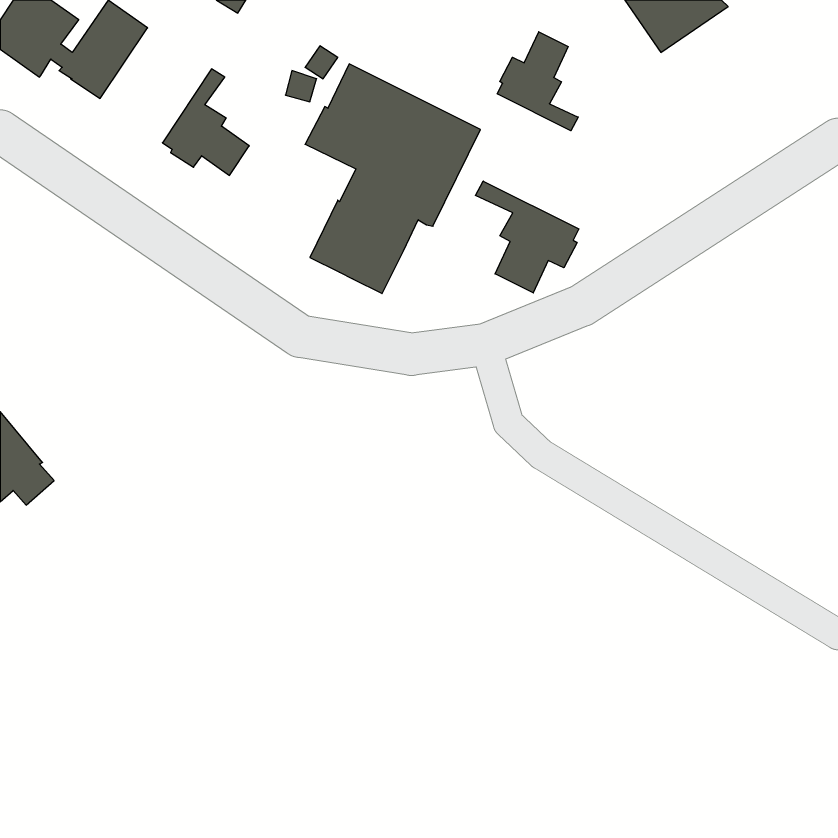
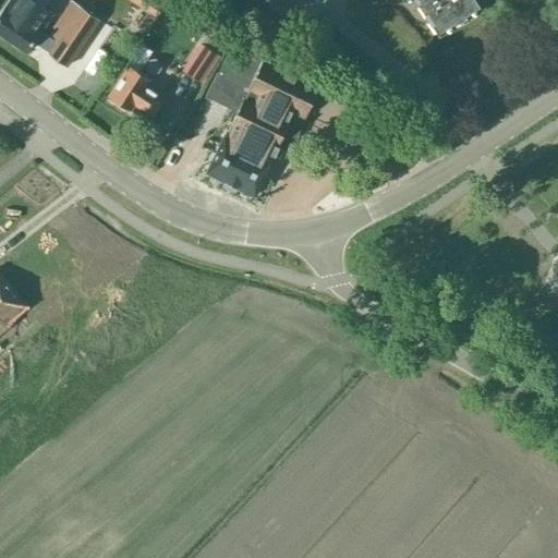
building: [497,32,578,131] -> none
building: [475,181,579,293] -> none

